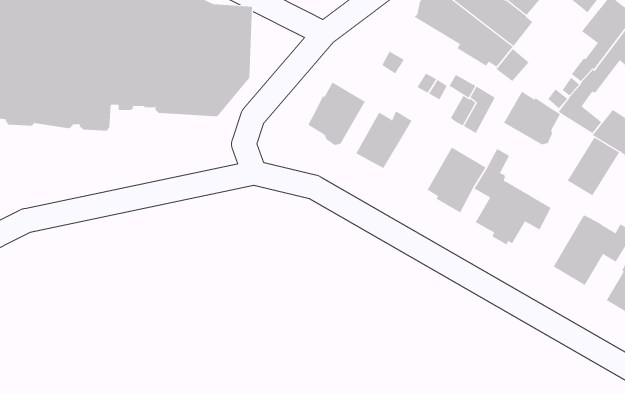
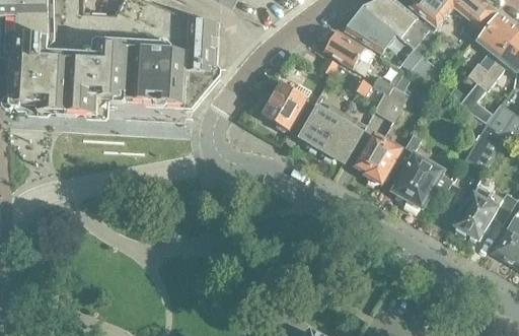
building: none -> [323,30,374,75]
building: [503,91,561,146] -> none
building: none -> [321,112,366,162]

